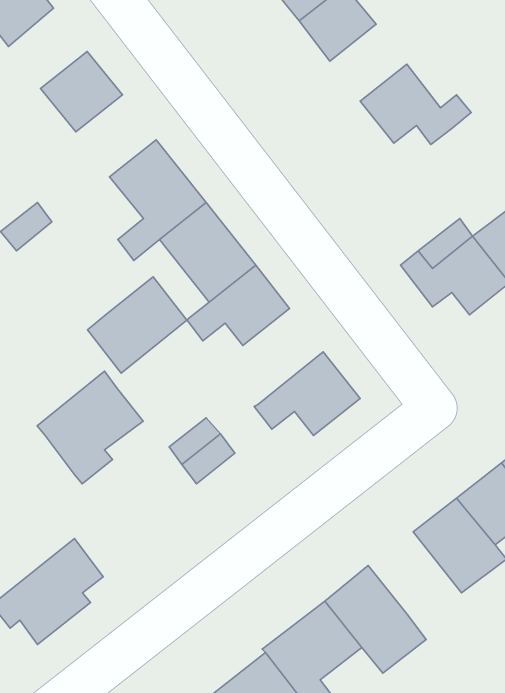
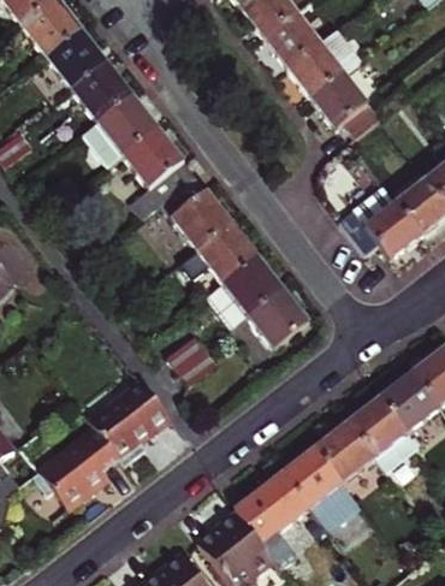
building: none -> [46,28,105,88]
building: none -> [286,29,358,97]
building: none -> [82,93,156,165]
building: [87,277,187,373] -> [207,253,281,325]
building: [37,371,143,484] -> [89,377,168,461]
building: none -> [315,420,376,481]

